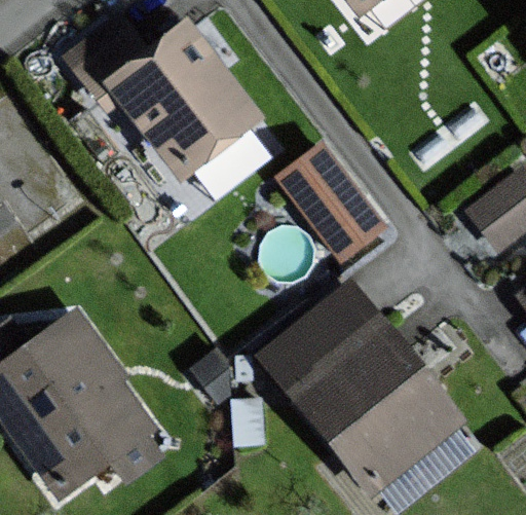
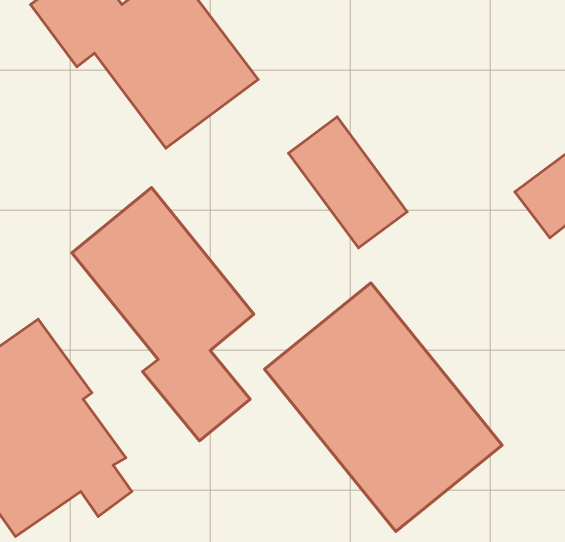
building: none -> [72,187,254,441]

